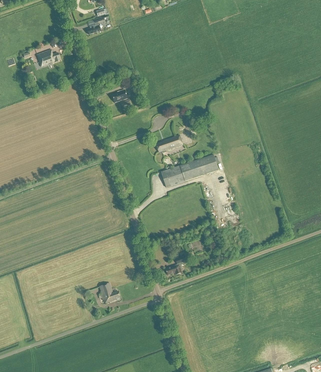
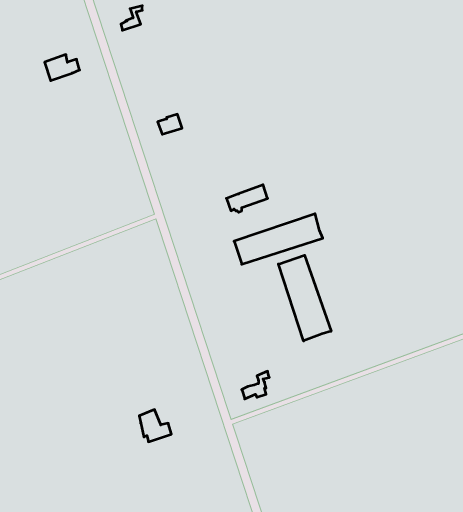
building: none -> [278,255,331,341]

